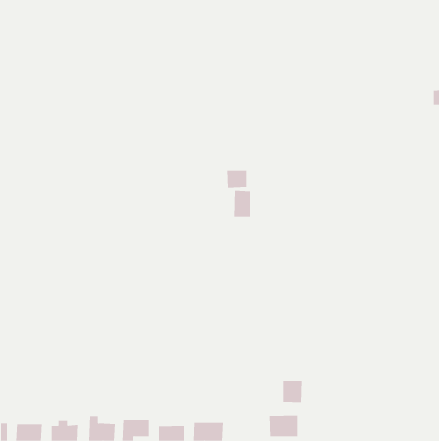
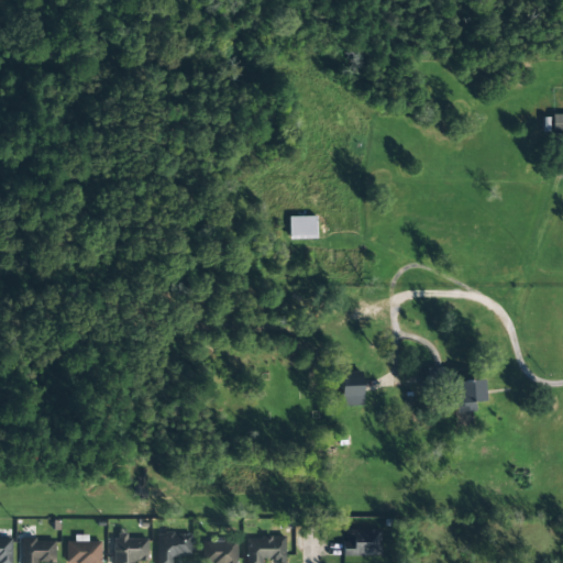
building: [234,190,251,218] -> none
building: none -> [342,372,364,406]
building: none -> [452,380,486,411]
building: [283,380,302,403] -> none

